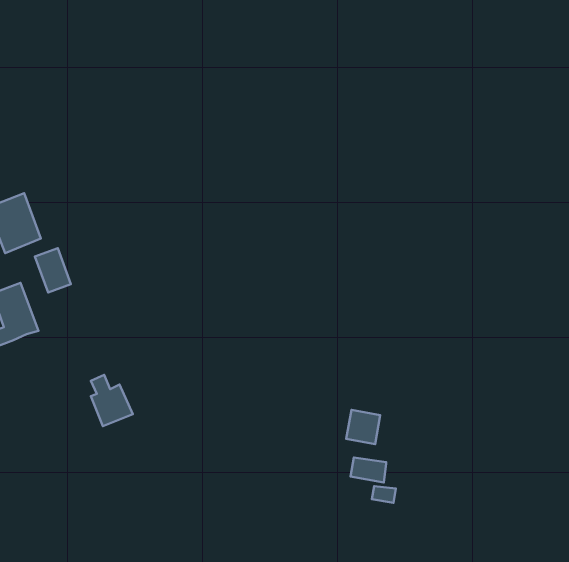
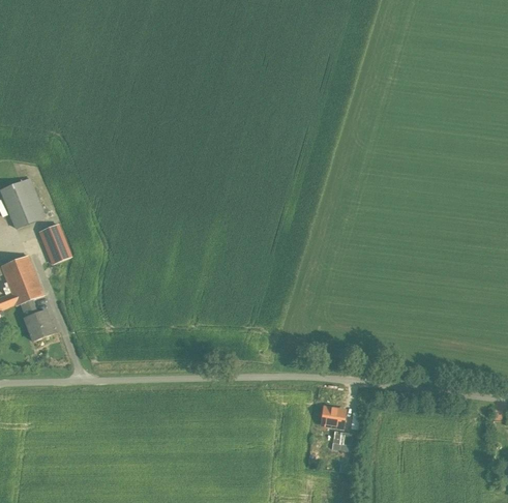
building: [91,375,133,426] -> [21,299,57,344]
building: [346,410,380,444] -> none

